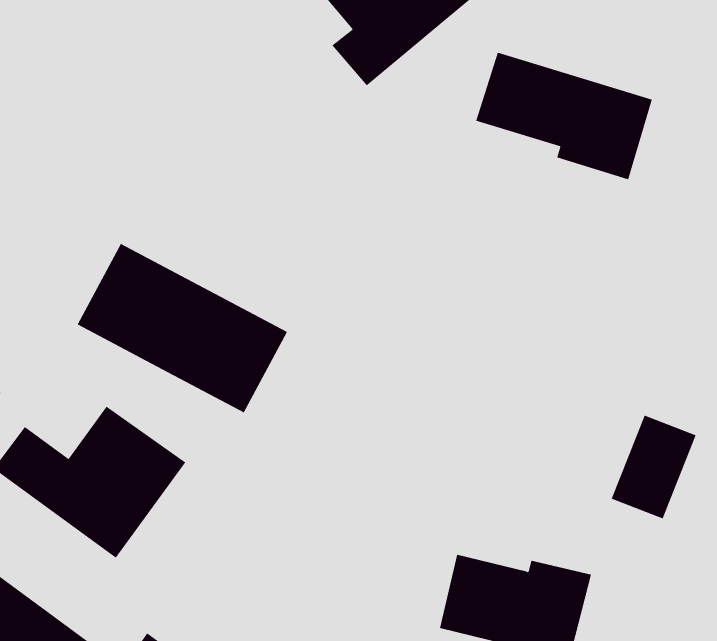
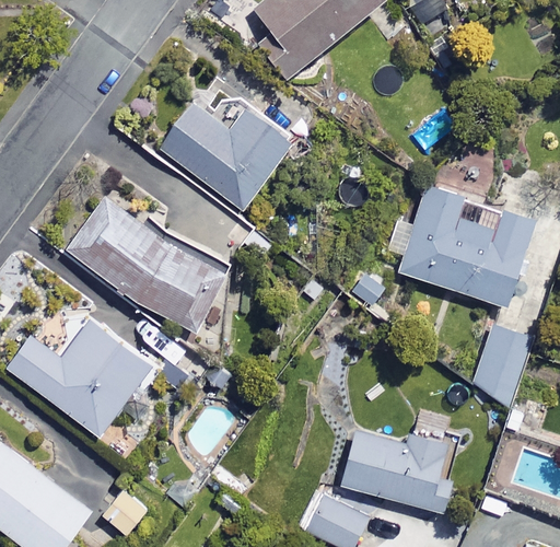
building: [475,52,652,180] -> none
building: none -> [158,102,294,208]
building: none -> [400,186,538,310]

